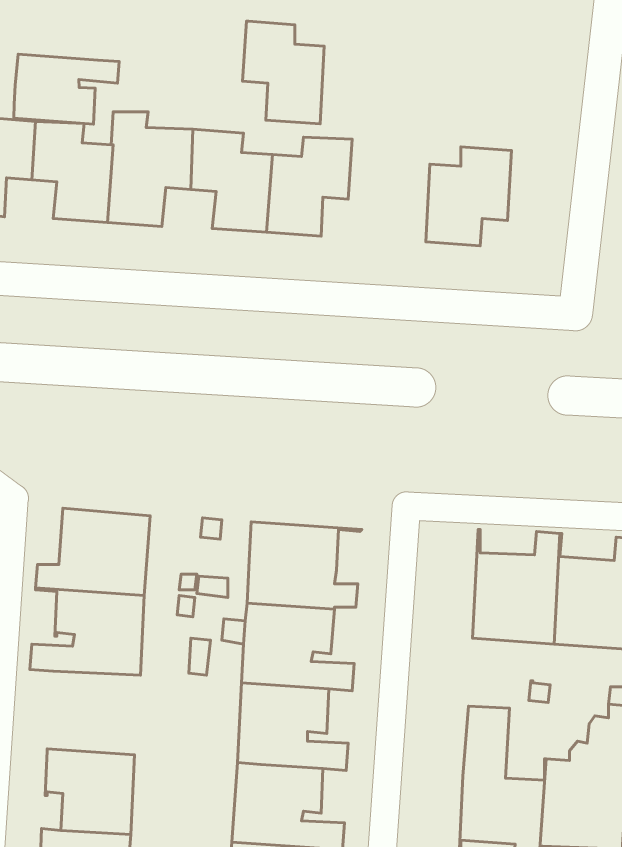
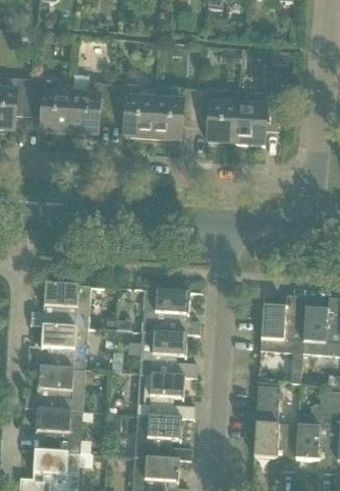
building: [243,21,324,124] -> [194,88,237,142]
building: [14,54,119,124] -> none
building: none -> [24,367,86,411]

